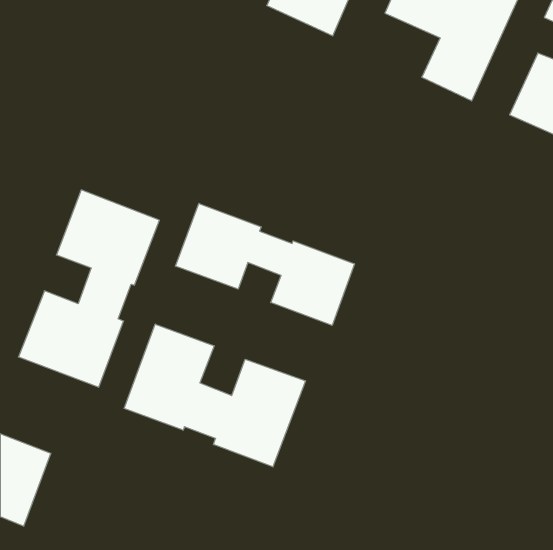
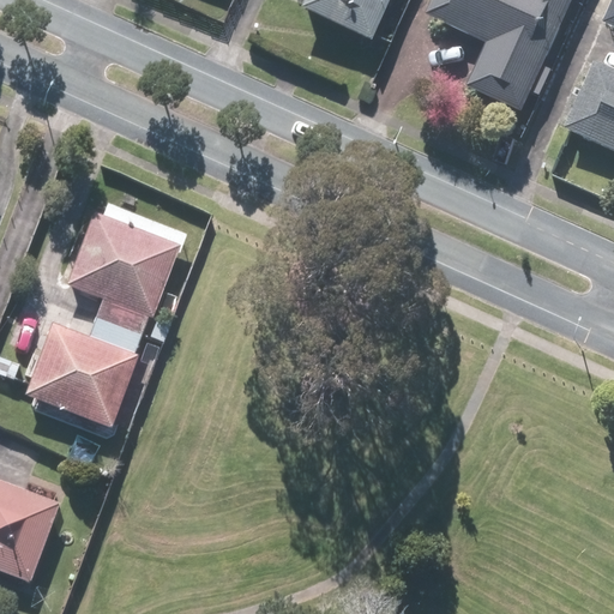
building: [175,203,354,325] -> none
building: [124,324,305,467] -> none

